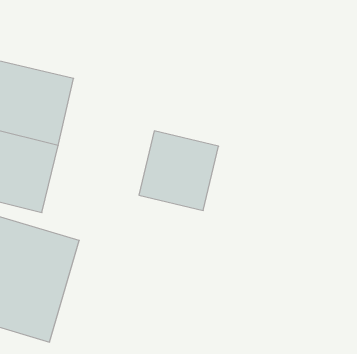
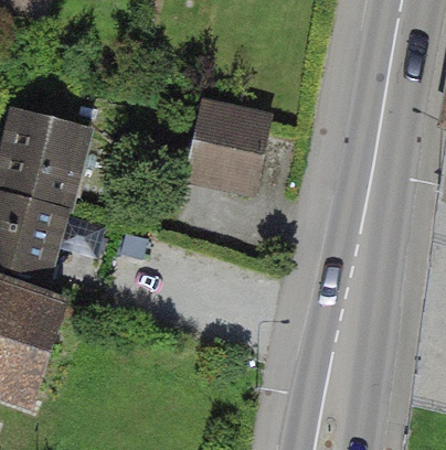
building: [139,131,219,210] -> [178,92,269,183]

